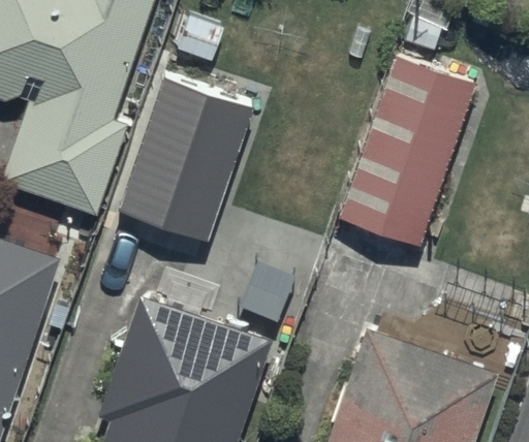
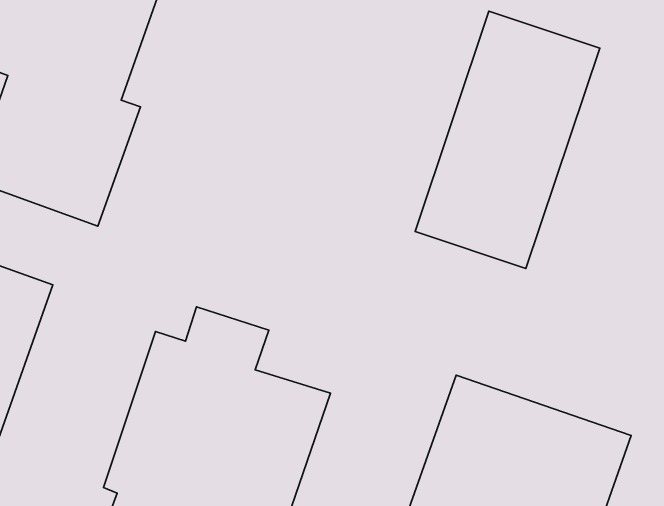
building: [118,87,253,243] -> none

